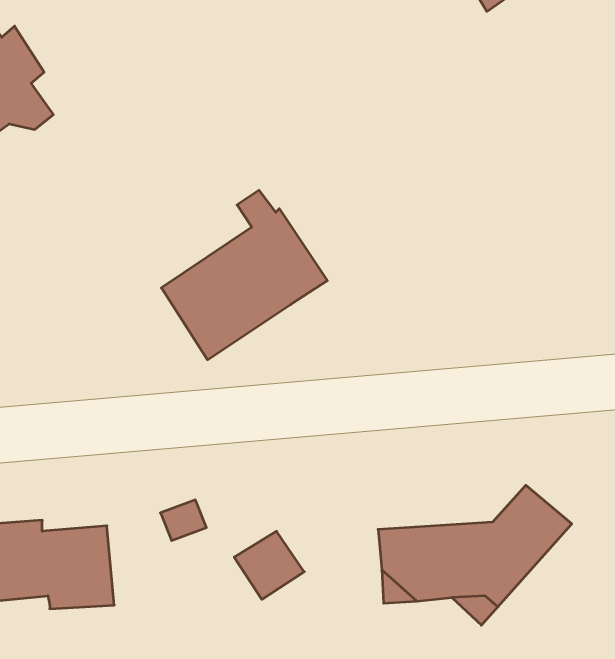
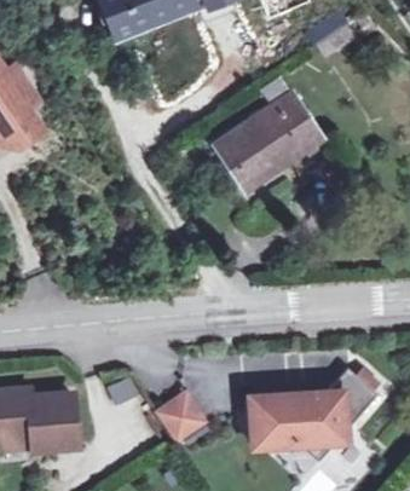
building: [161,190,327,360] -> [213,79,322,190]

